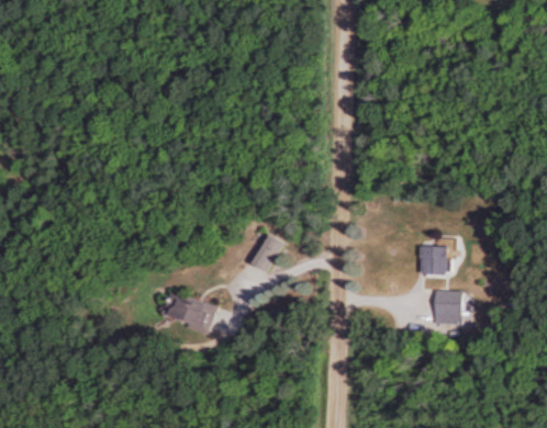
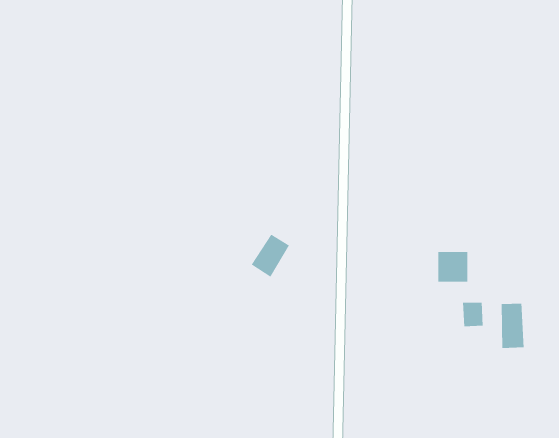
building: [164,293,216,330] -> none
building: none -> [501,303,524,349]

